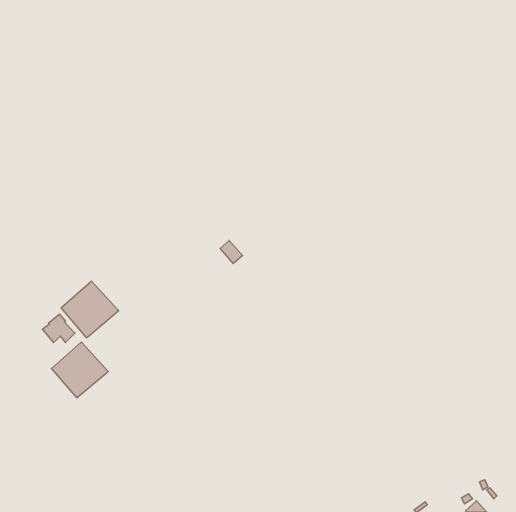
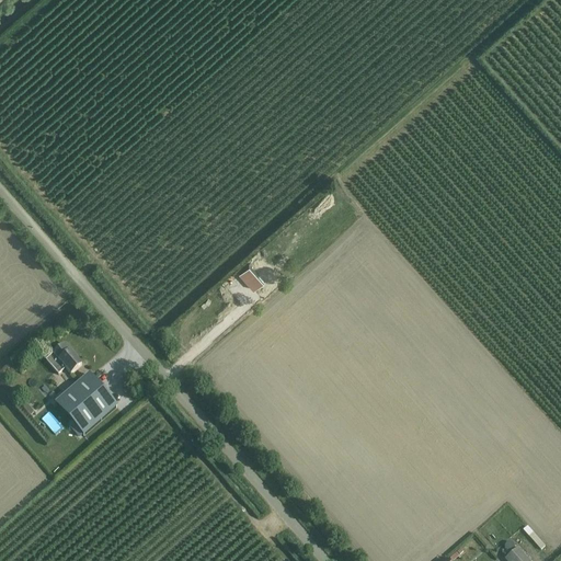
building: [61,281,119,337] -> none

